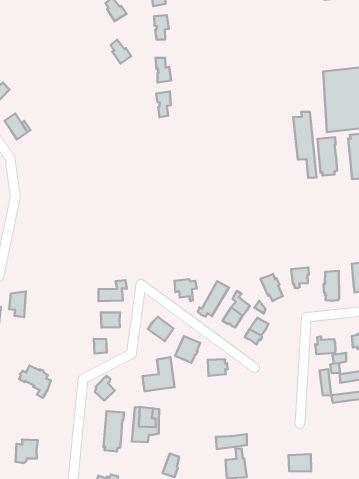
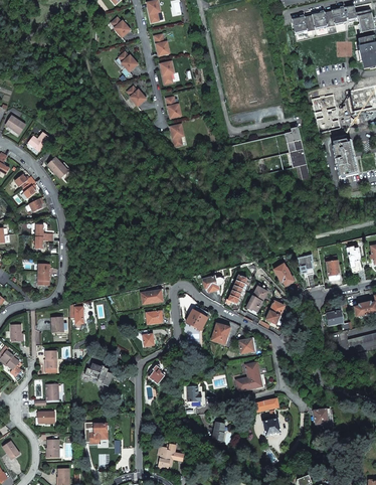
building: [318,137,337,175] -> none
building: [143,357,174,391] -> [235,361,262,391]
building: [103,411,124,451] -> none

